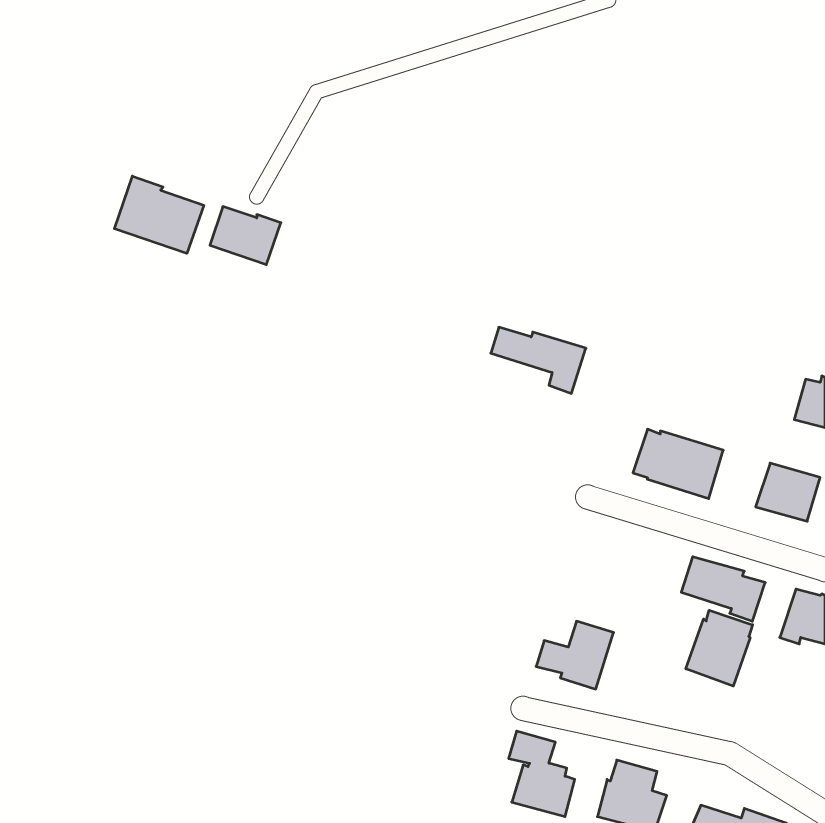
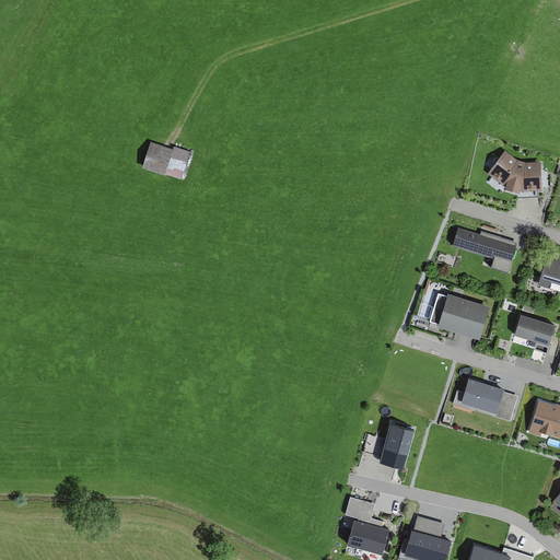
building: [114,176,204,253] -> none
building: none -> [488,151,542,194]
building: [491,327,586,393] -> [453,228,517,272]
building: [686,610,753,686] -> none

